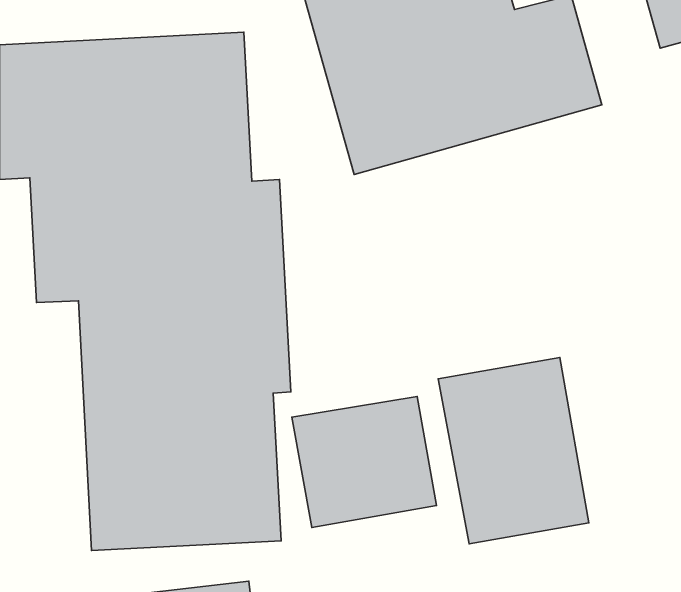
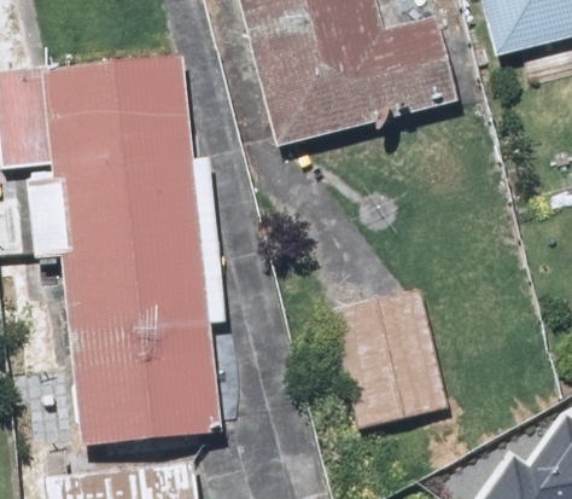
building: [292,397,437,528] -> none

